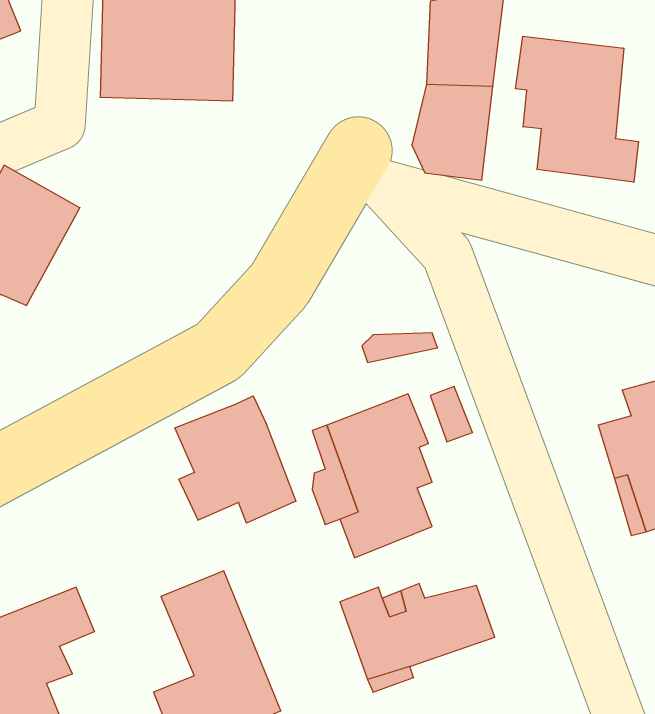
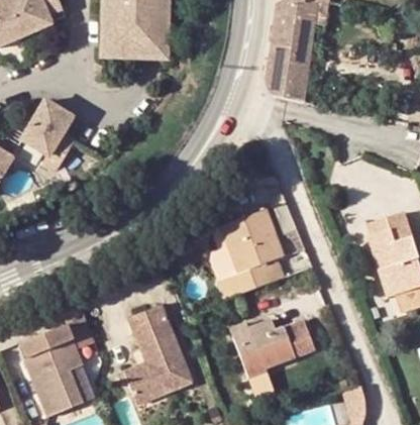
building: [515,36,638,182] -> none
building: [175,396,296,523] -> none

